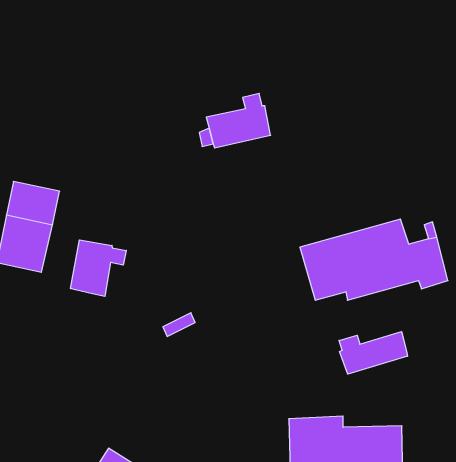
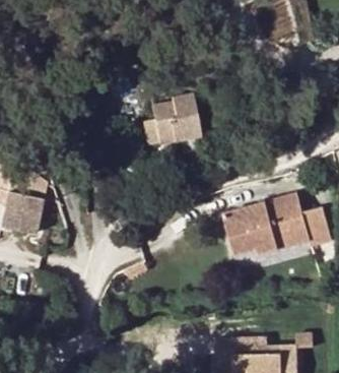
building: [71,240,126,296] -> none
building: [339,332,407,374] -> none

